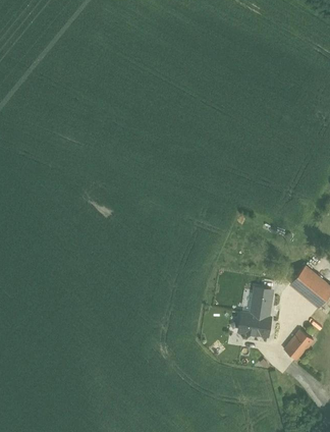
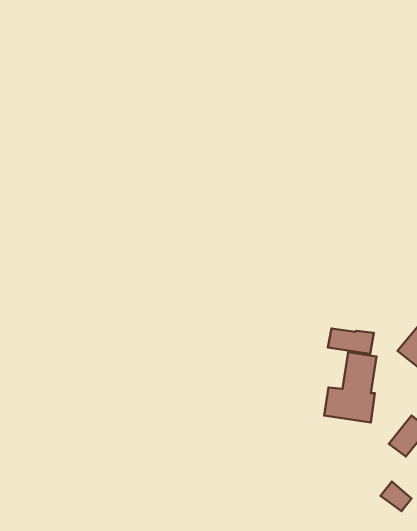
building: none -> [328,328,374,354]

